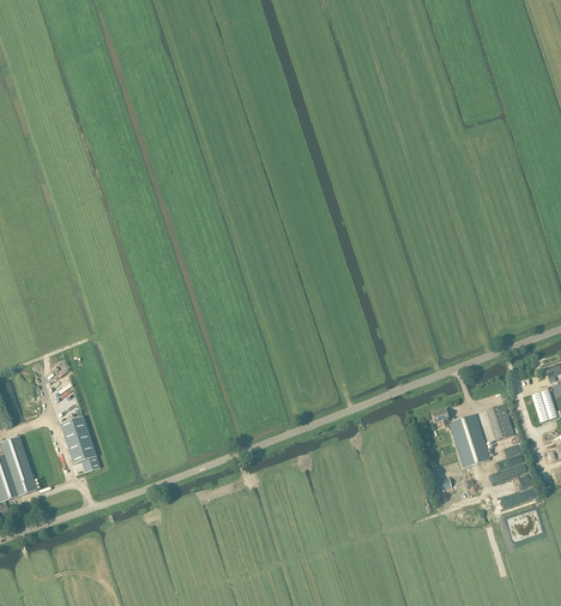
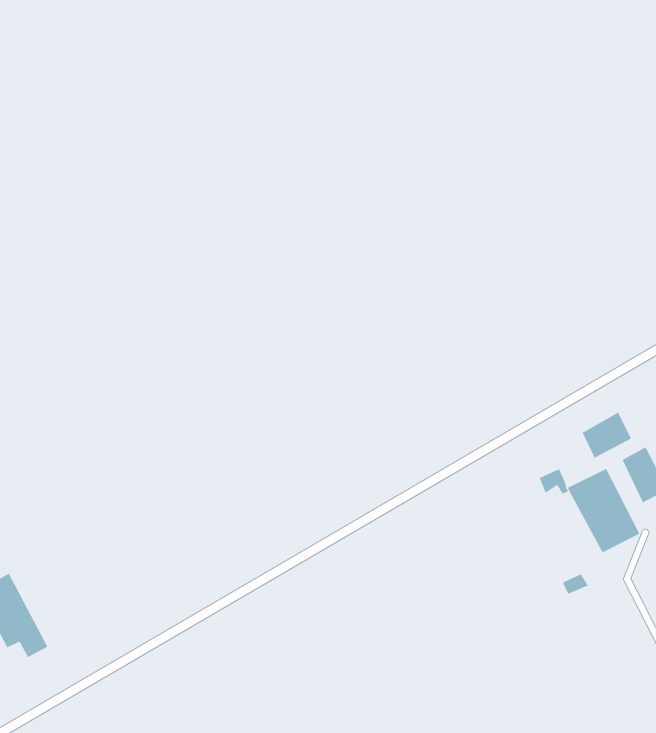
building: none -> [582,412,632,458]

